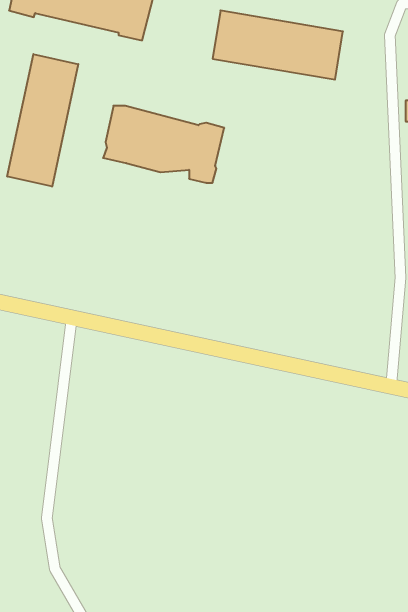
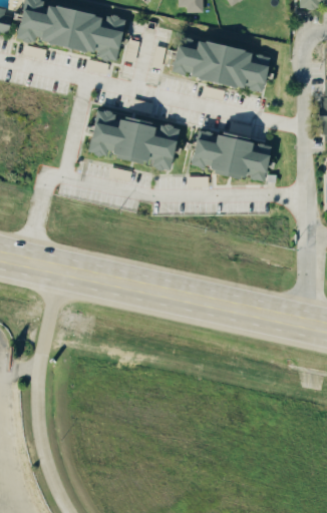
building: [7,54,78,187] -> none
building: none -> [189,129,272,182]

